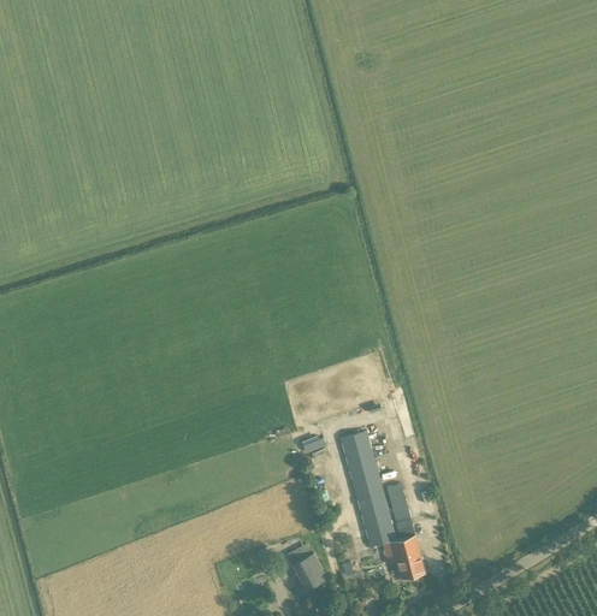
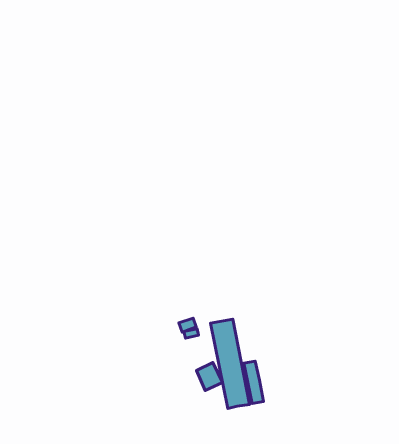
building: [380,537,424,579] -> none
building: [291,553,326,591] -> [196,362,223,391]

